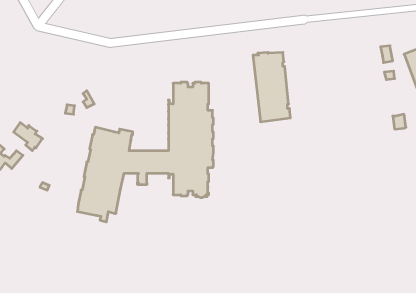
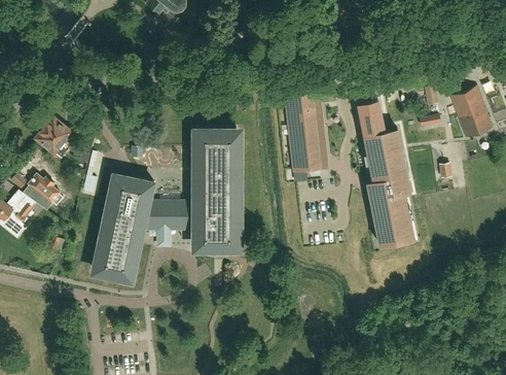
building: none -> [358,100,412,246]
building: none -> [36,117,71,154]

